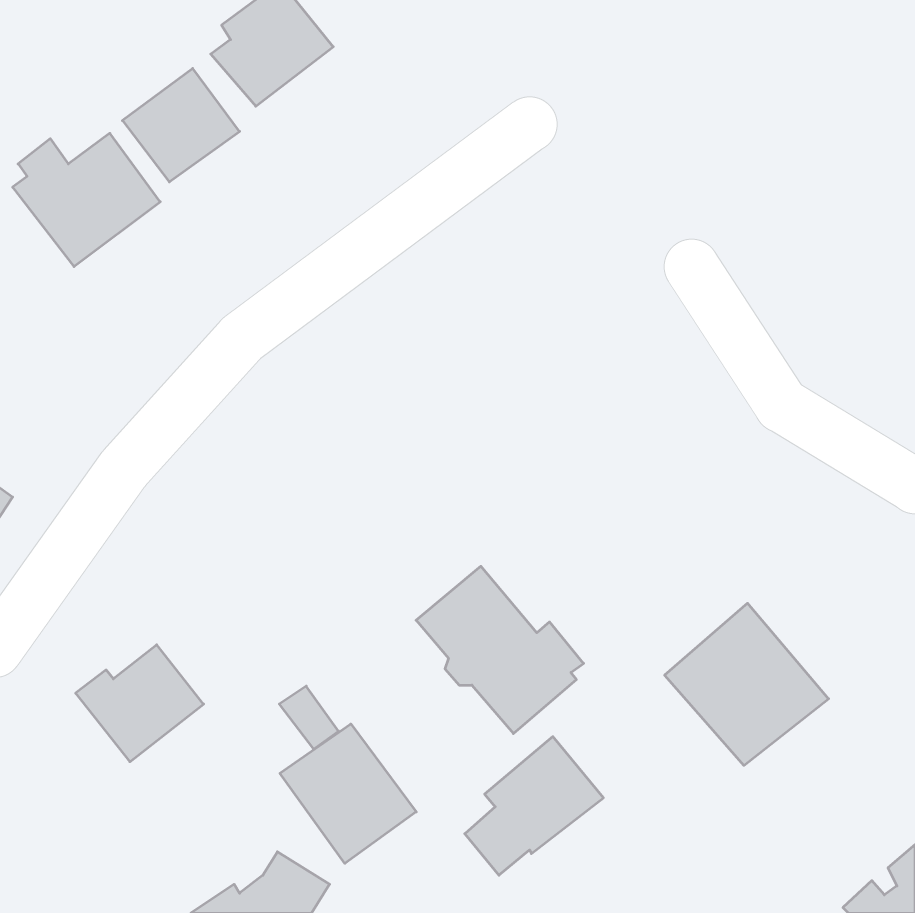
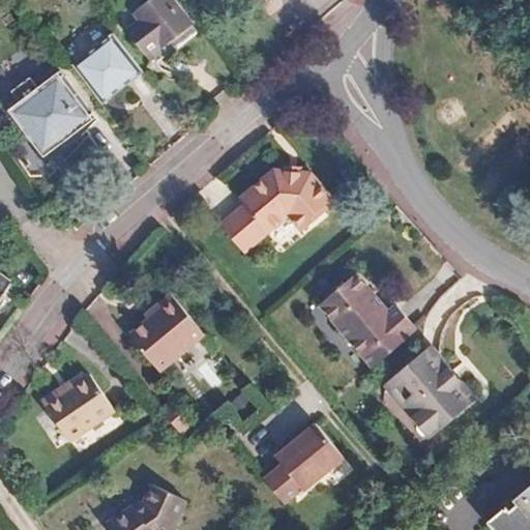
building: none -> [223,173,335,254]
building: none -> [126,287,199,364]
building: [416,566,584,734] -> [315,270,411,366]
building: [280,724,416,863] -> none

